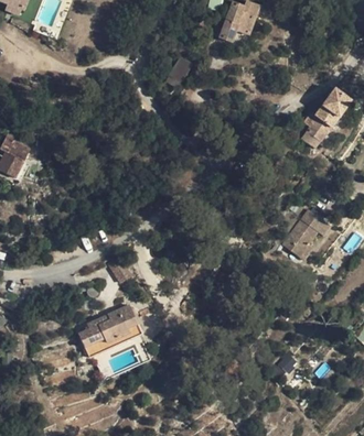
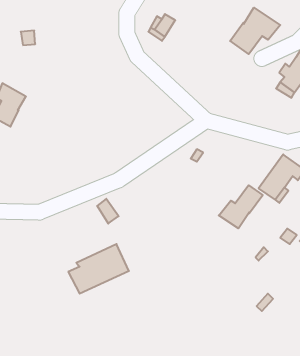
building: none -> [230,8,280,54]
building: none -> [219,185,263,228]

